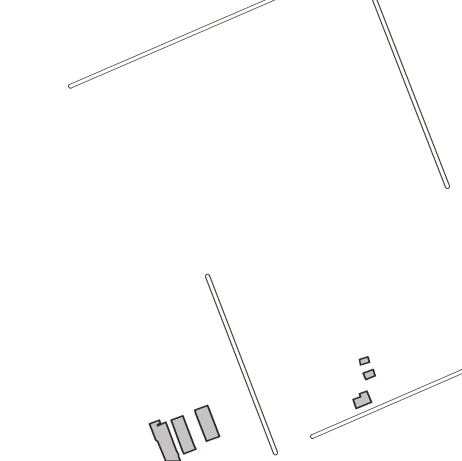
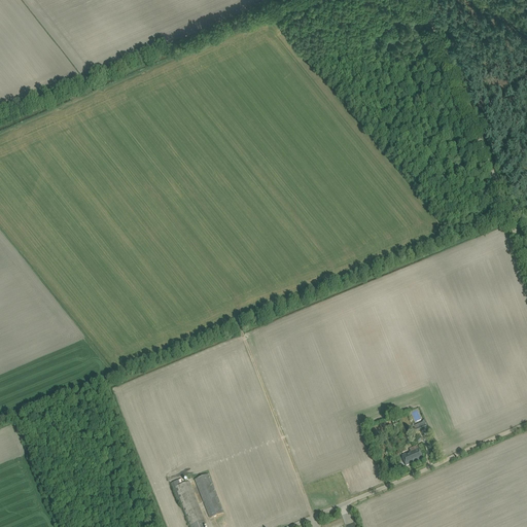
building: [195,405,219,441] -> none

